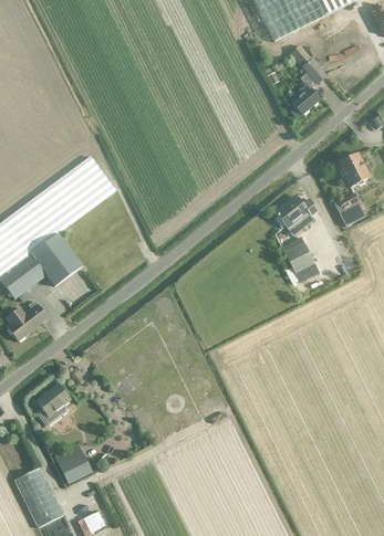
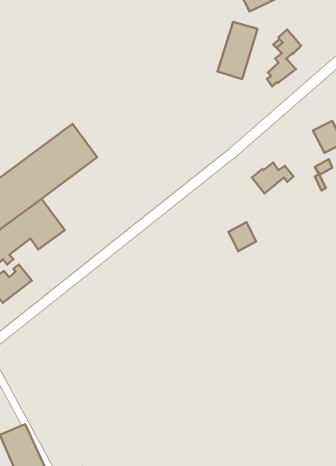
building: none -> [218,22,258,79]
building: [284,243,313,273] -> [228,222,256,251]
building: [35,385,70,425] -> none
building: [54,445,92,484] -> none

